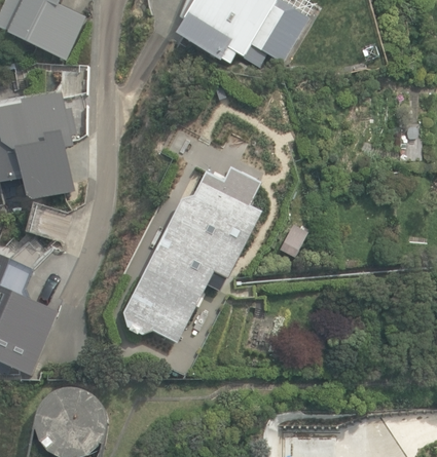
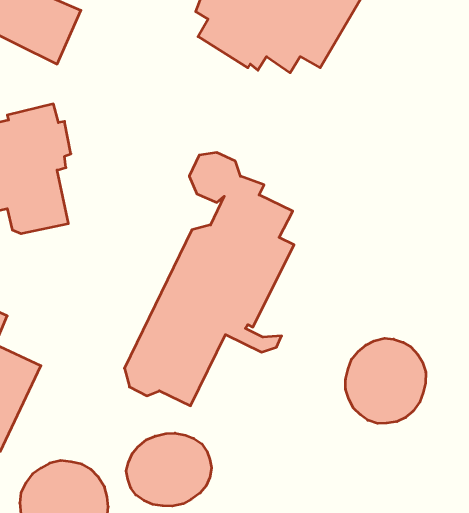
building: none -> [346,338,426,423]
building: none -> [126,433,212,506]

